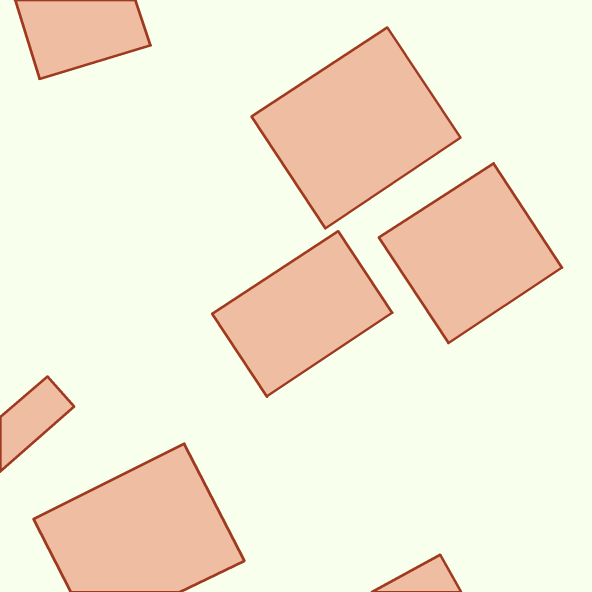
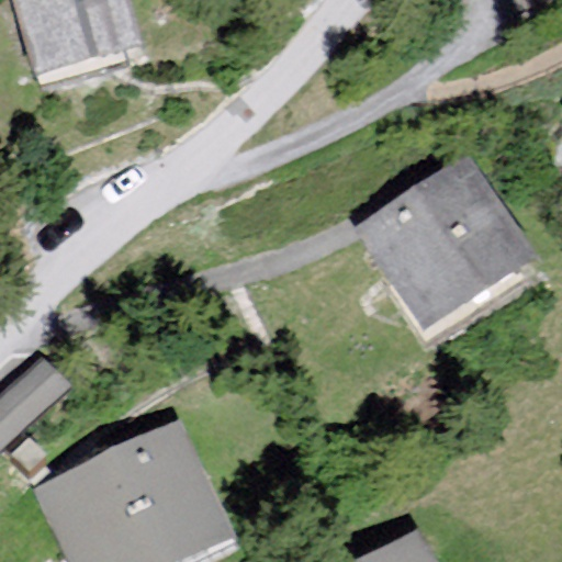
building: [252,28,460,228] -> none
building: [212,231,392,397] -> none

